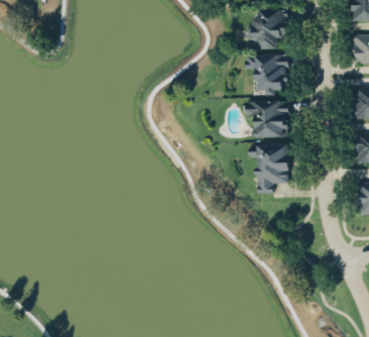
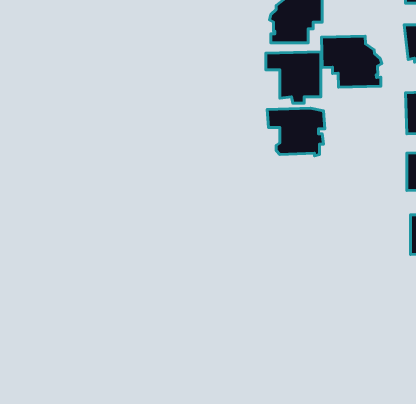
building: none -> [321,36,382,87]
building: [249,146,289,194] -> none

